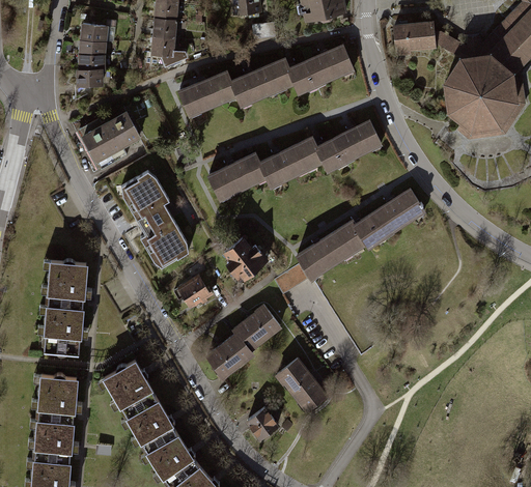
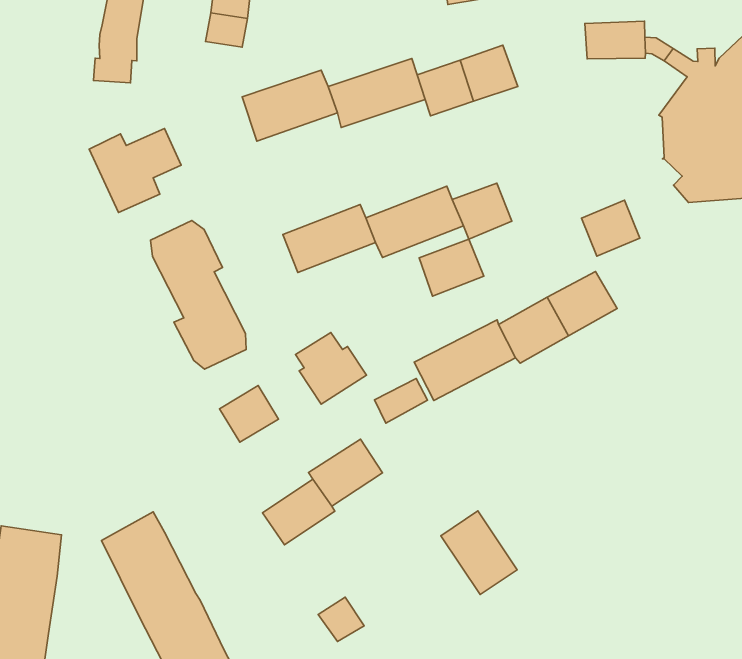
building: [343,120,382,157] -> [582,200,640,256]
building: none -> [419,239,484,296]
building: [43,261,87,353] -> none
building: [275,357,326,411] -> [441,511,517,595]

